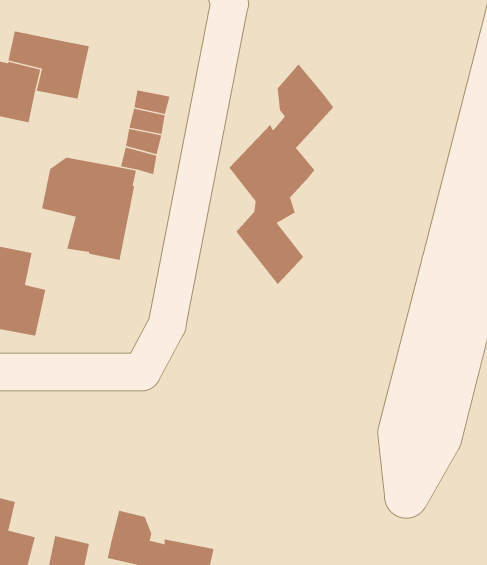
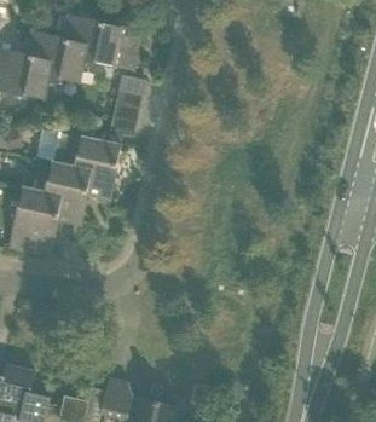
building: none -> [63,16,139,70]
building: [228,63,334,285] -> none
building: none -> [41,161,86,224]

